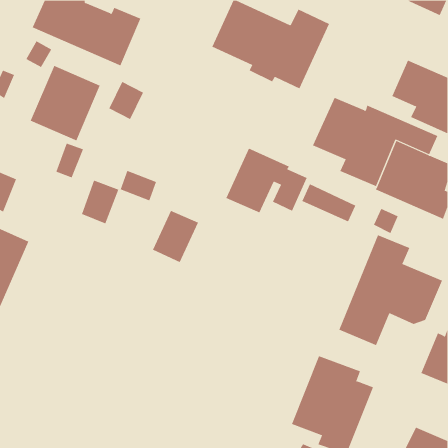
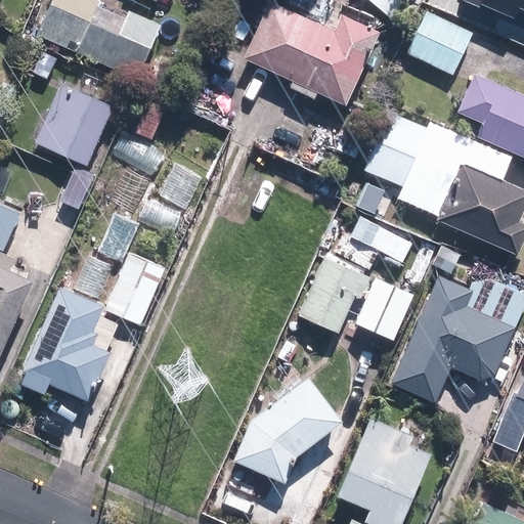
building: none -> [406,10,473,75]
building: [226,148,308,213] -> [298,256,393,332]
building: [152,210,199,263] -> [111,254,165,315]
building: none -> [24,287,115,402]
building: none -> [233,378,344,480]

